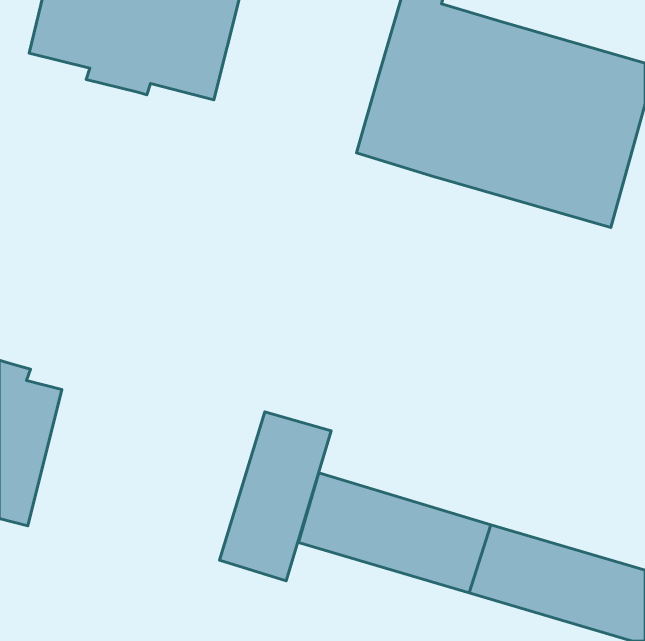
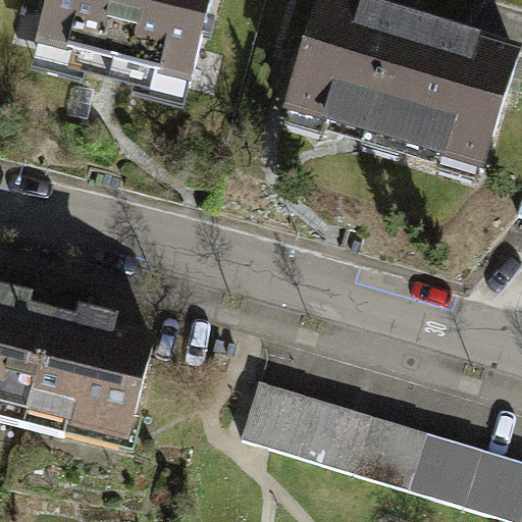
building: none -> [22,311,149,435]
building: [219,412,331,581] -> none

